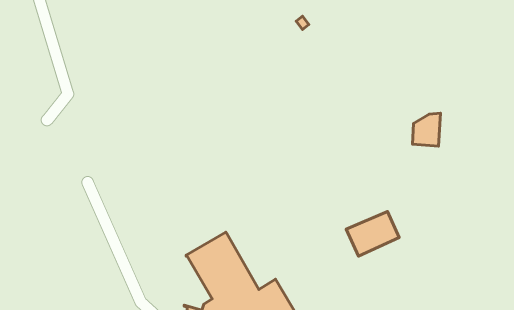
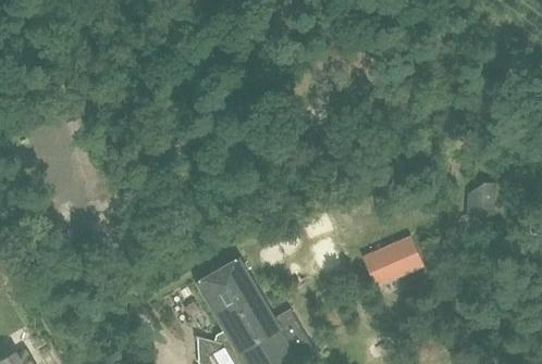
building: [412,113,440,146] -> [465,181,494,216]

